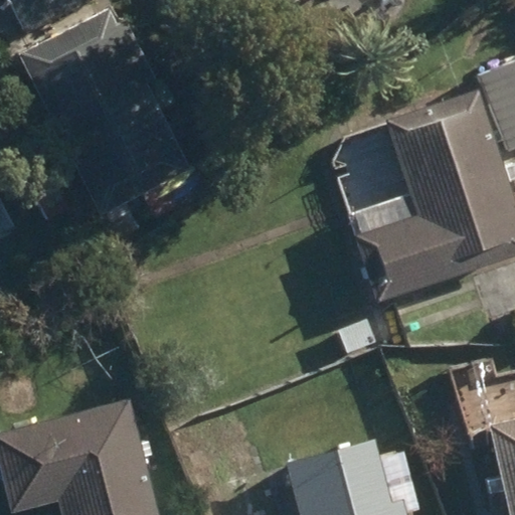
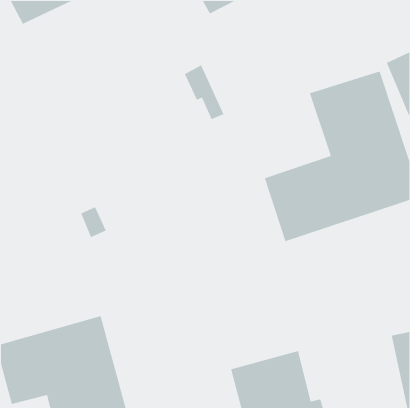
building: [30,9,193,244] -> none

